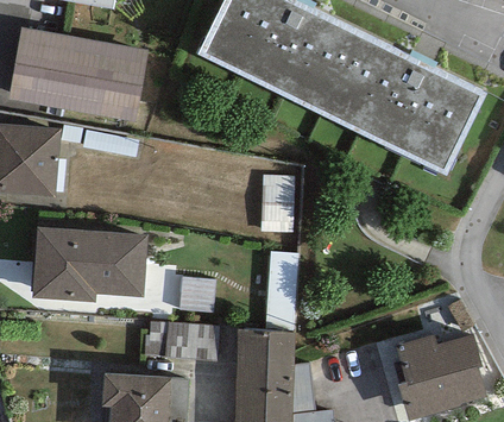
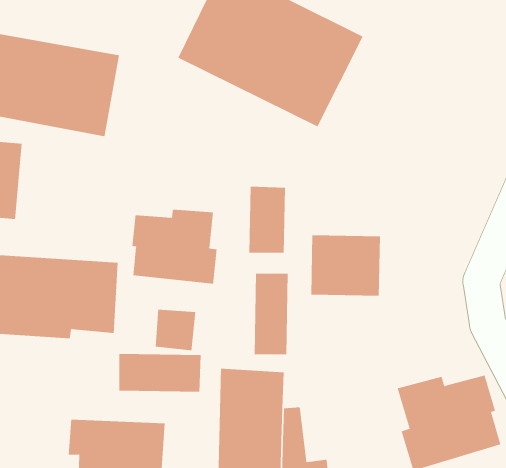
building: [323,33,485,174] -> none
building: none -> [132,209,217,285]
building: none -> [311,234,380,296]

